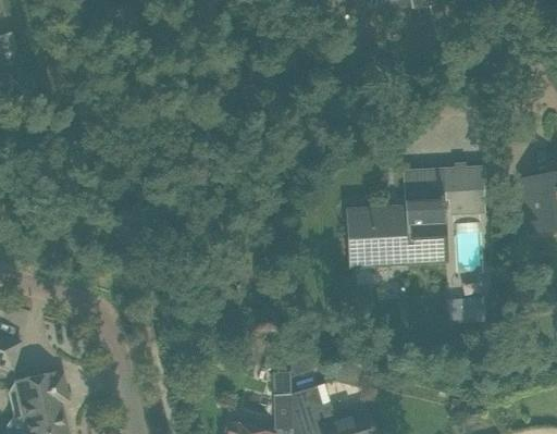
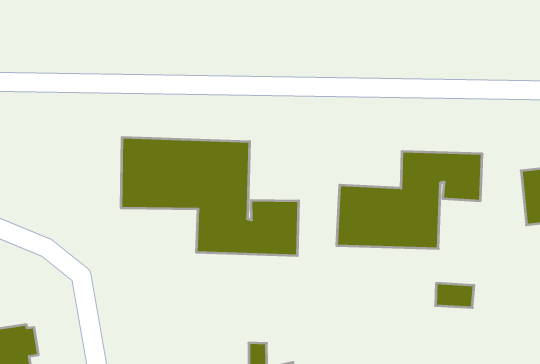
building: none -> [121,137,299,256]

